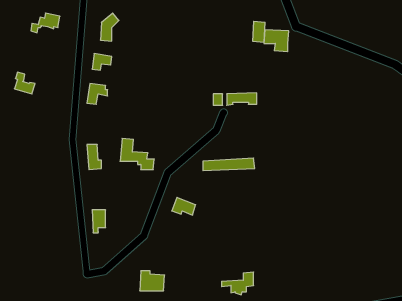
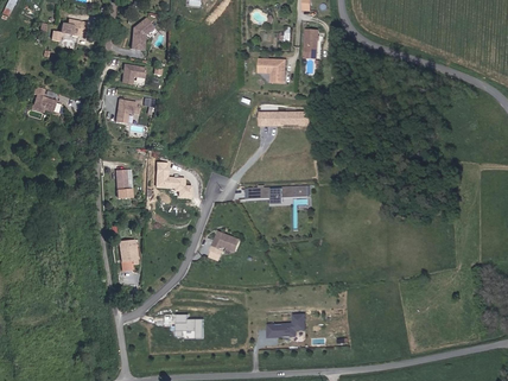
building: [264,30,289,52] -> [258,59,286,84]

